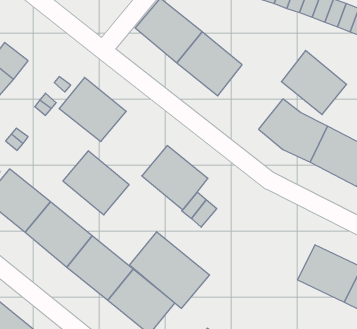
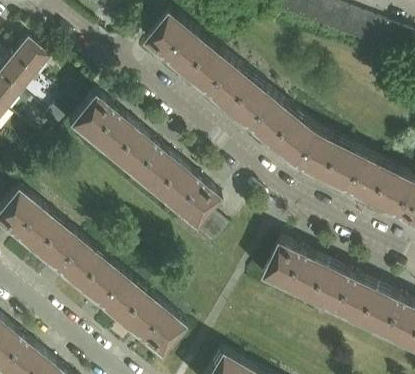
building: none -> [11,40,50,77]
building: [281,50,347,115] -> [230,81,297,147]
building: [63,151,129,215] -> [110,129,178,195]
building: none -> [263,242,330,302]
building: [130,232,210,308] -> none

